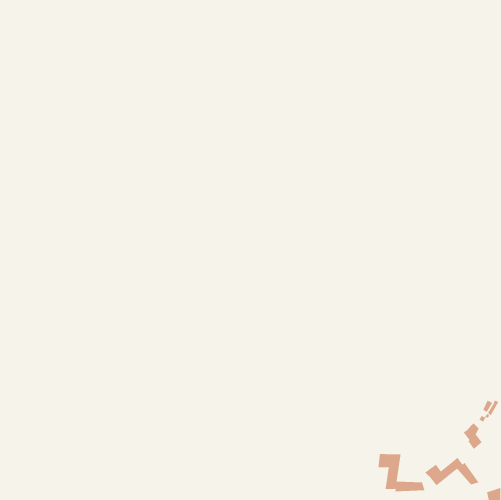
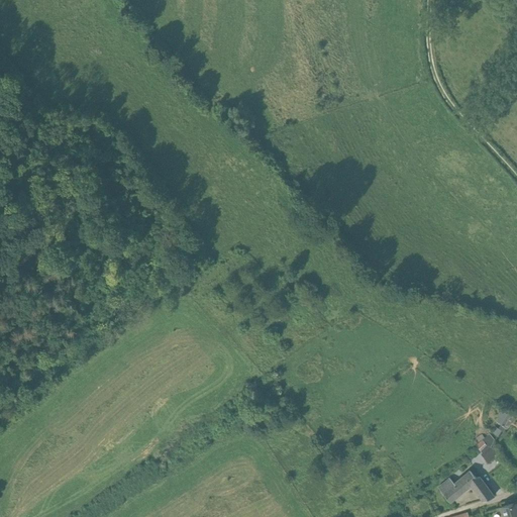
building: [378,453,425,492] -> none

